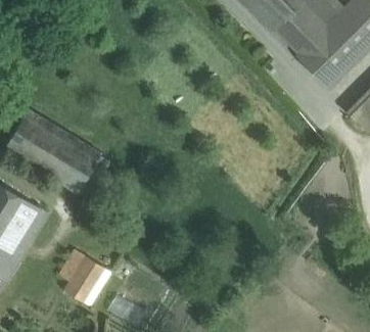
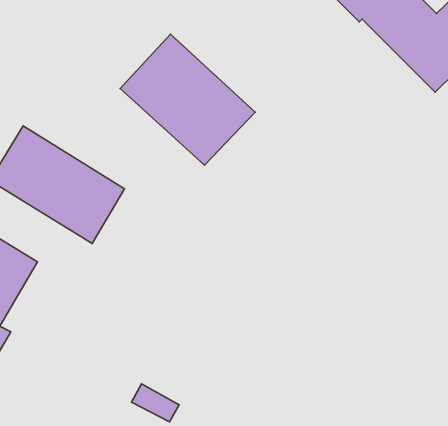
building: none -> [120,34,255,165]
building: [58,246,112,305] -> none

